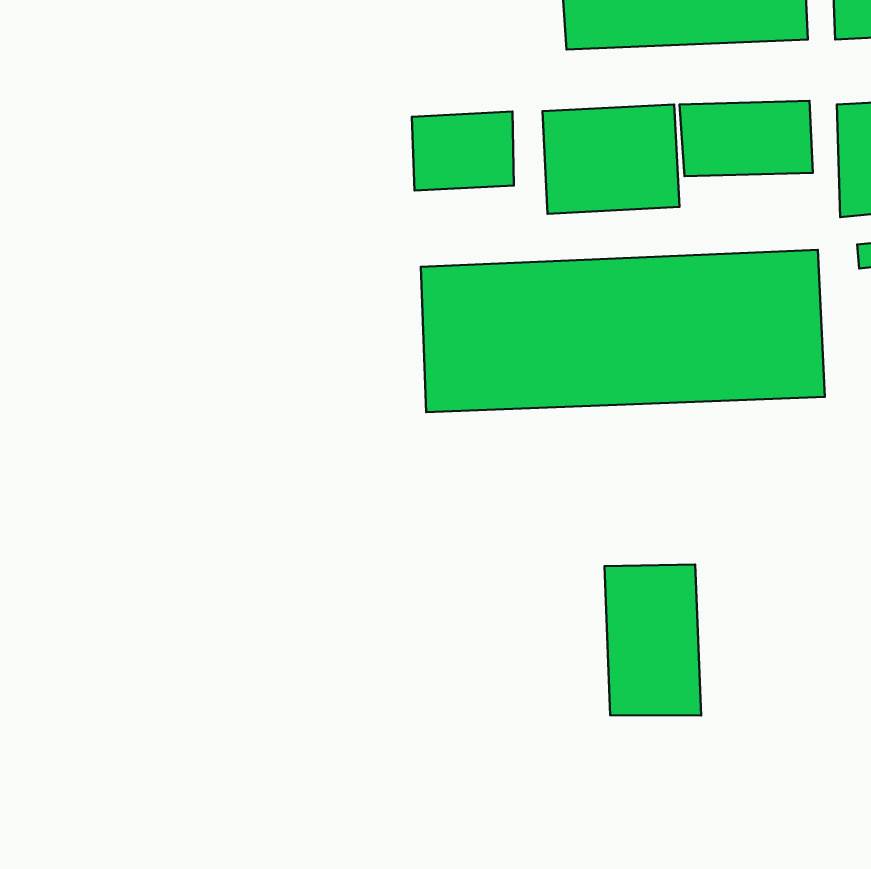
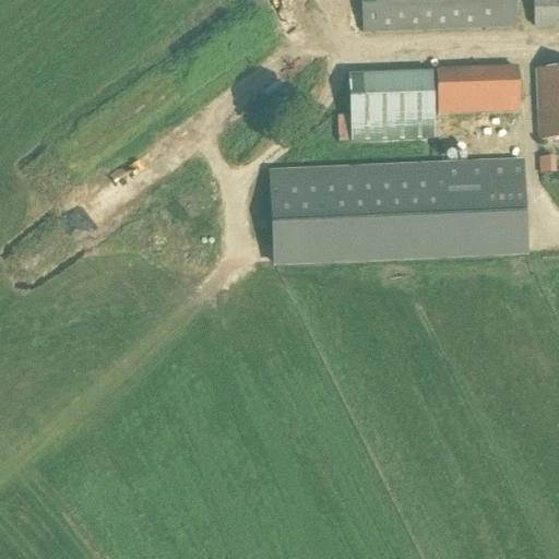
building: [412,112,514,191] -> none
building: [605,565,701,716] -> none

